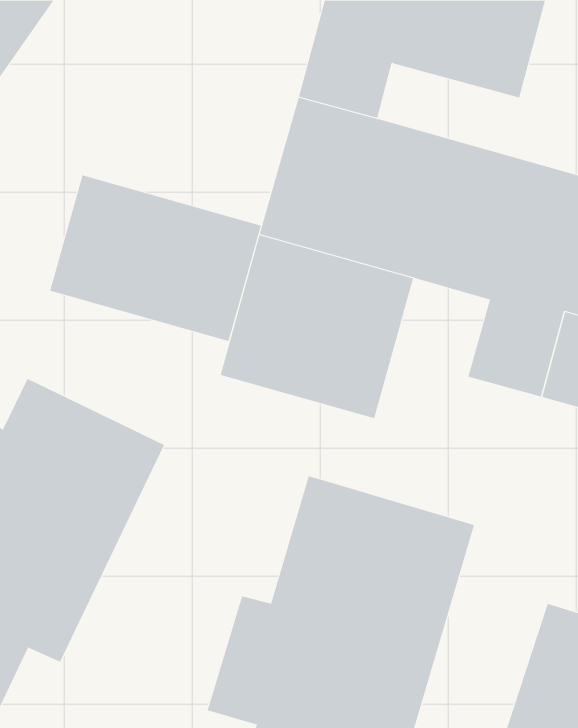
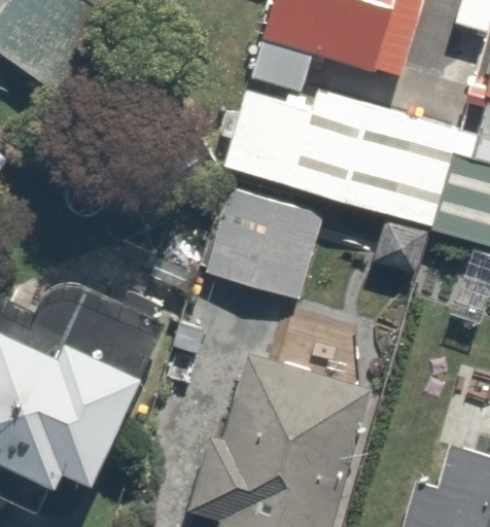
building: [49,175,262,342] -> none

